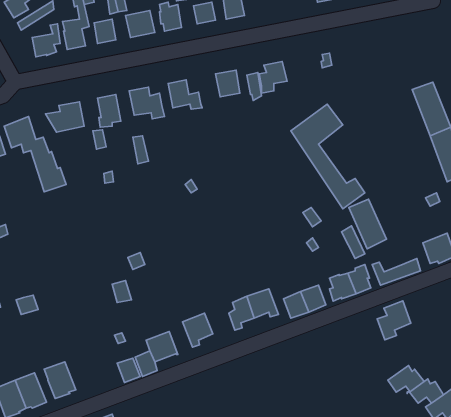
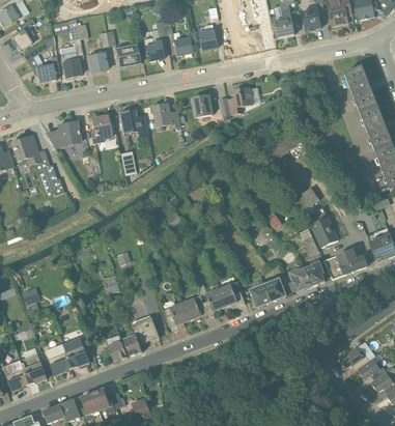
building: none -> [344,65,377,111]
building: [377,301,411,340] -> none
building: none -> [182,294,208,319]
building: none -> [63,336,90,367]

